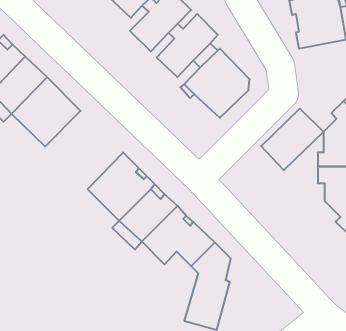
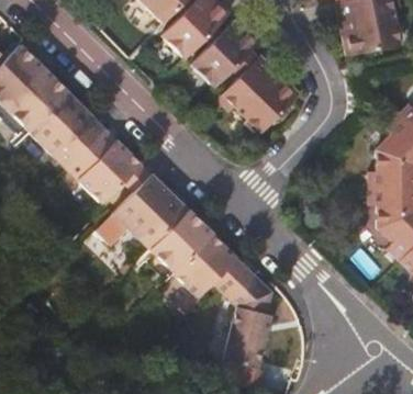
building: [261,109,324,170] -> none
building: none -> [66,127,142,203]

